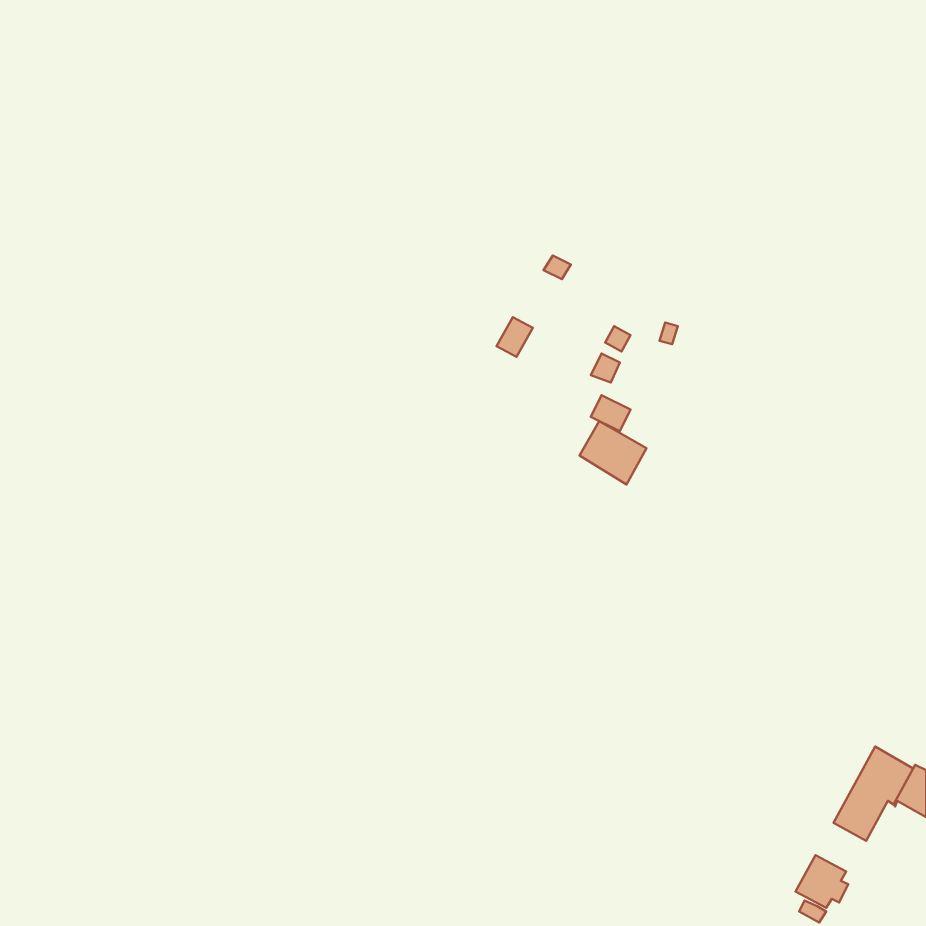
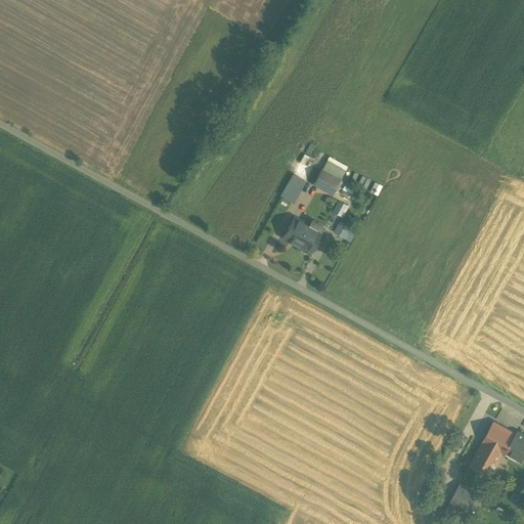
building: none -> [312,168,341,194]
building: [579,421,646,484] -> [282,217,320,253]

